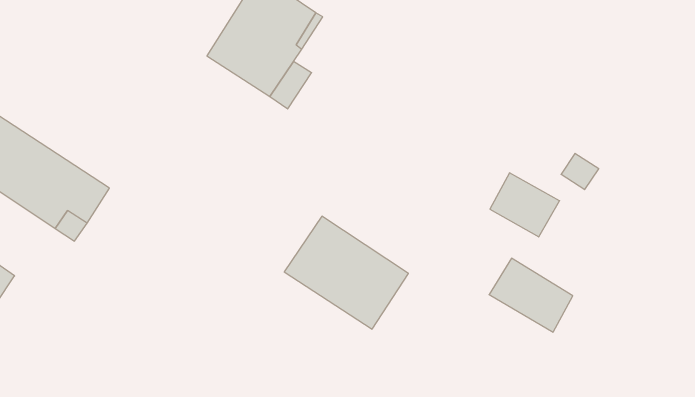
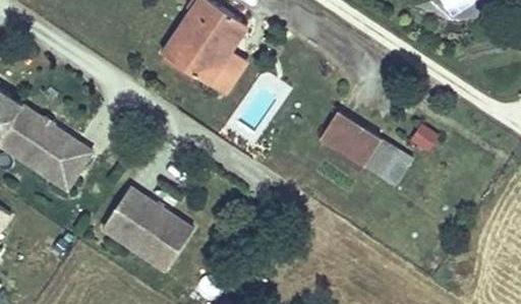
building: [284,216,408,329] -> [101,186,191,268]
building: [489,258,573,332] -> [322,112,383,166]

